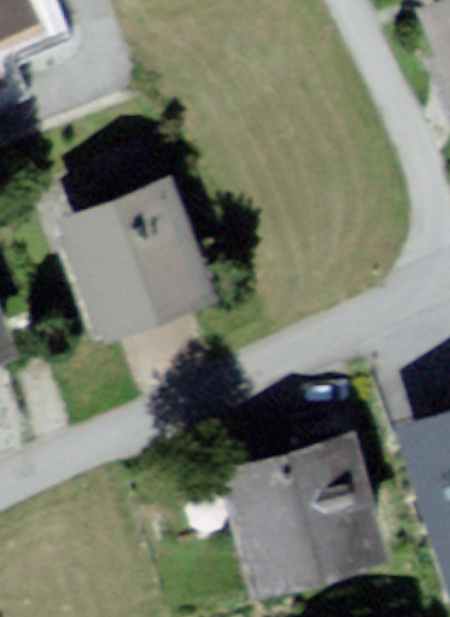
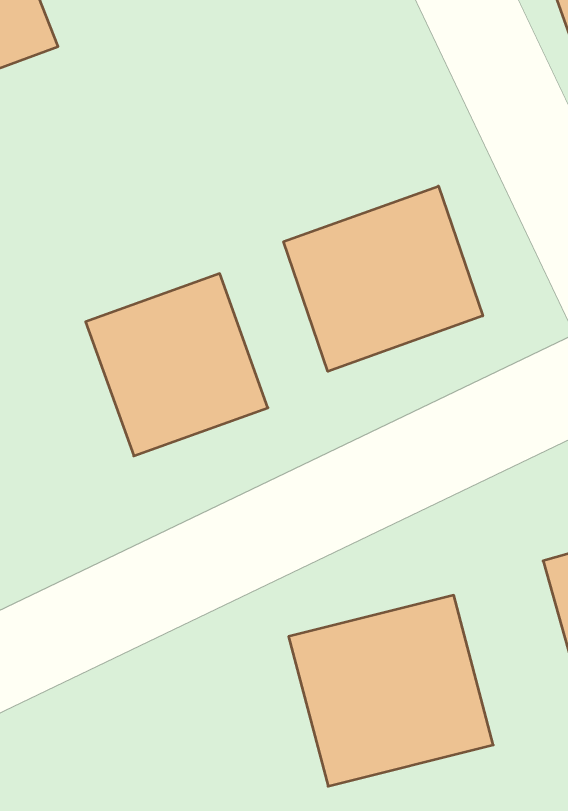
building: none -> [284,186,483,371]

